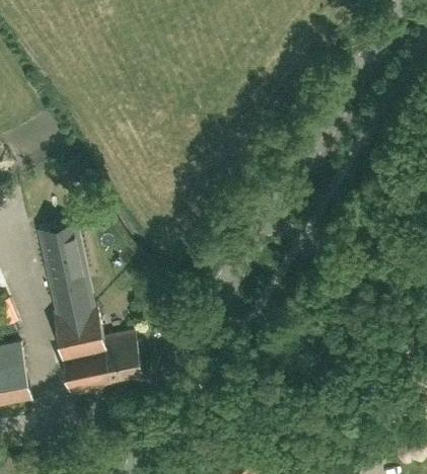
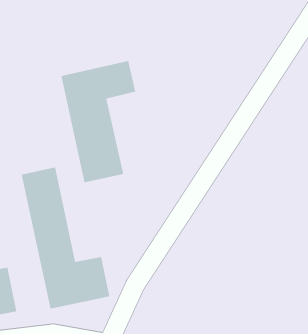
building: none -> [61,60,136,183]

